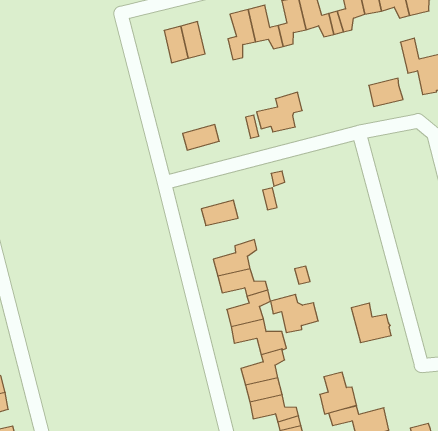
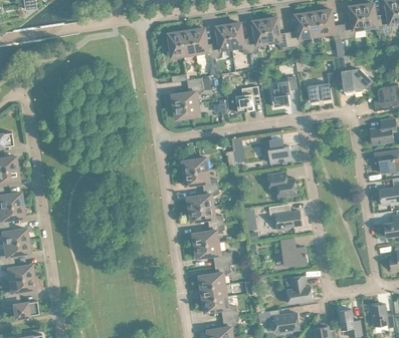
building: none -> [192,27,214,59]
building: none -> [271,75,296,106]
building: none -> [171,73,203,106]
building: none -> [268,137,291,162]
building: none -> [267,173,296,198]
building: none -> [184,170,217,189]
building: [270,294,318,333] -> [268,204,301,230]
building: [320,372,357,414] -> [286,275,312,303]

